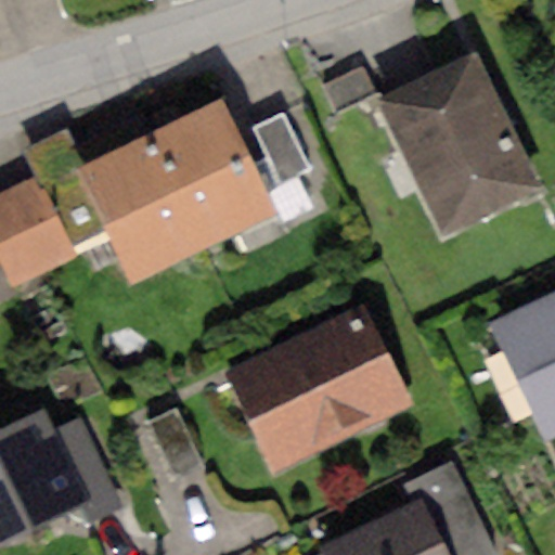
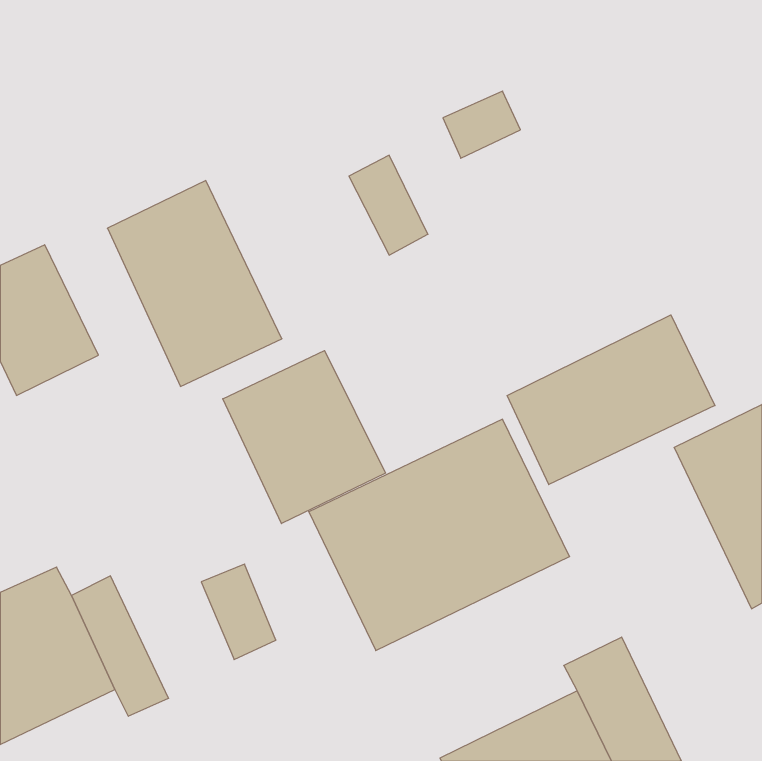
building: [378,56,540,235] -> none
building: [150,98,275,246] -> none
building: none -> [507,315,715,485]
building: none -> [223,351,385,524]

